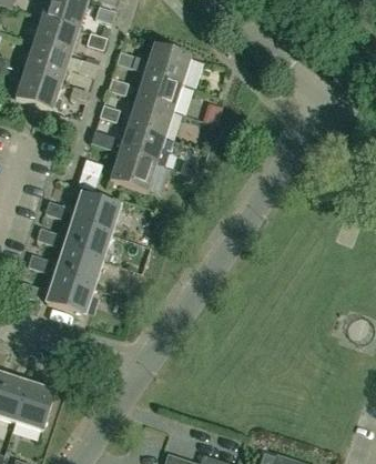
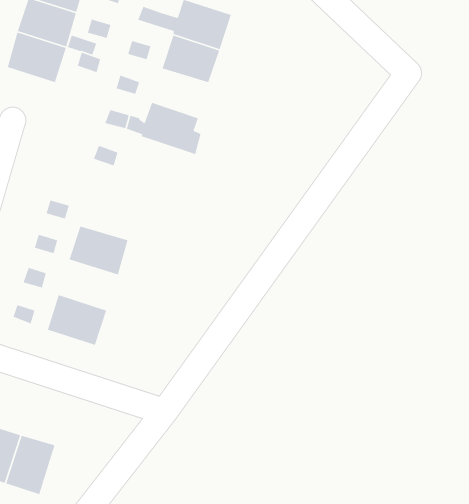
building: [129,99,173,137] -> none
building: [111,151,156,190] -> none
building: [73,192,120,231] -> none
building: [57,246,103,285] -> none

